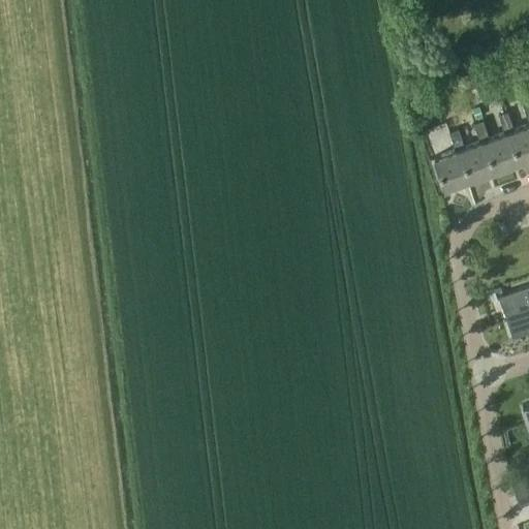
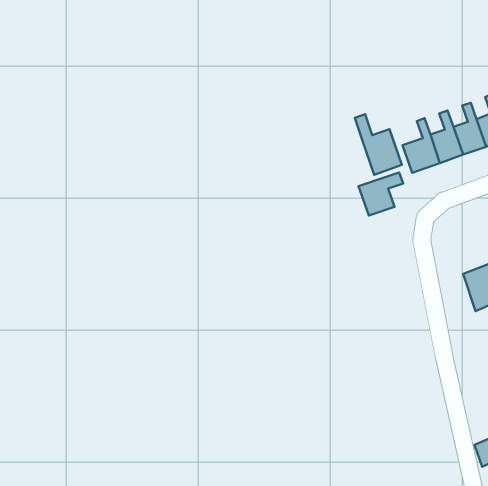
building: none -> [355,114,402,175]
building: none -> [359,172,403,216]

